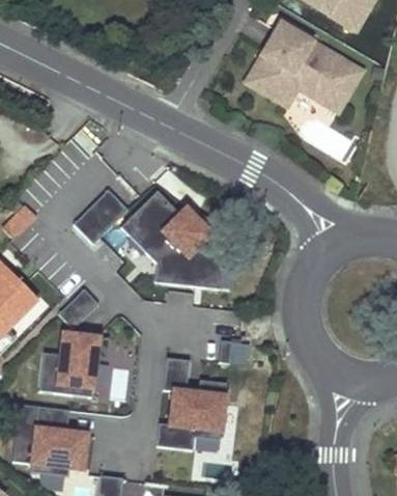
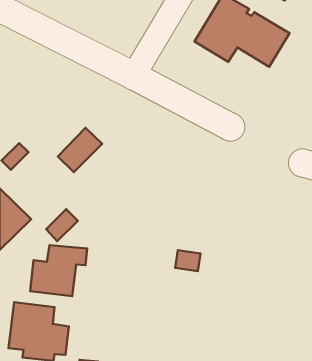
building: [120,190,223,288] -> none
building: [157,357,227,449] -> none

